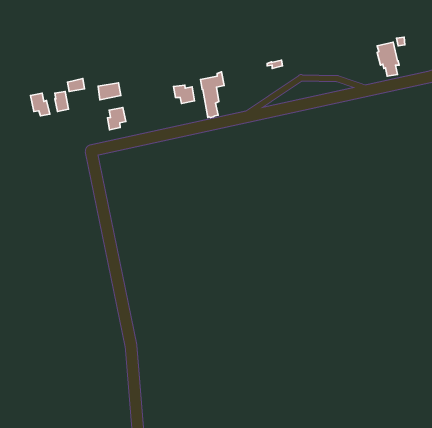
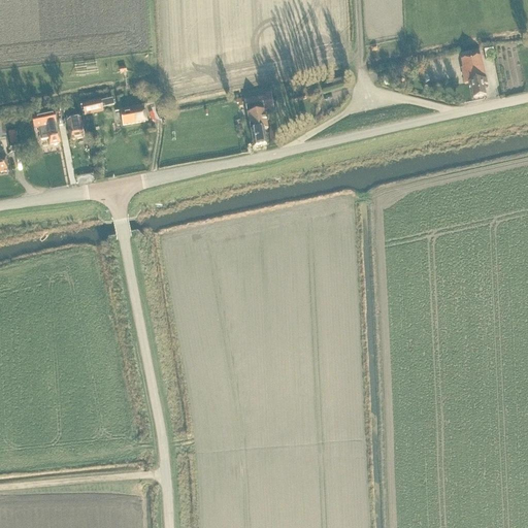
building: [173,85,195,103] -> none
building: [108,107,126,130] -> none

